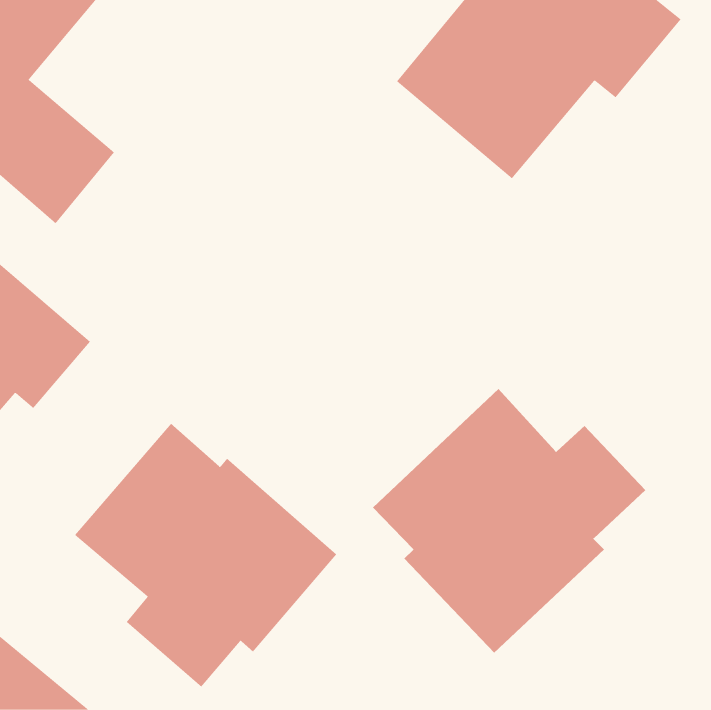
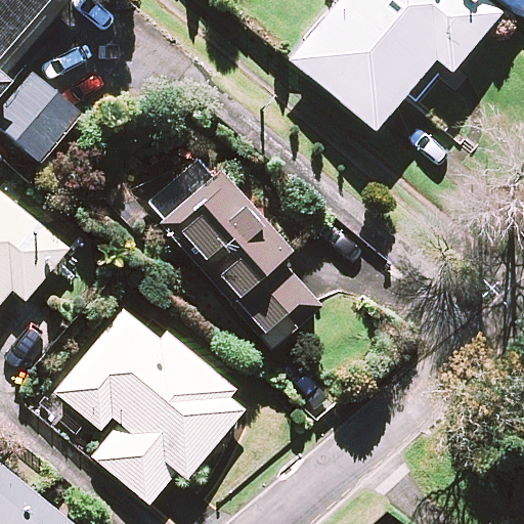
building: none -> [141,150,333,346]
building: [372,388,646,653] -> none

